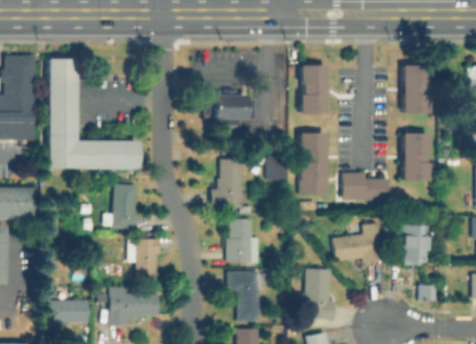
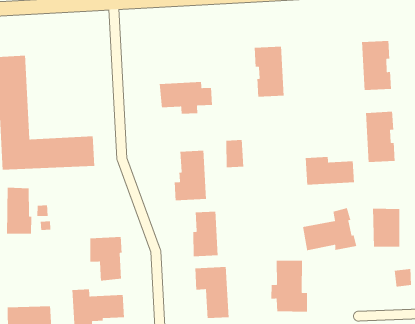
building: [297,132,326,194] -> none
building: [113,183,139,230] -> [6,187,32,234]

